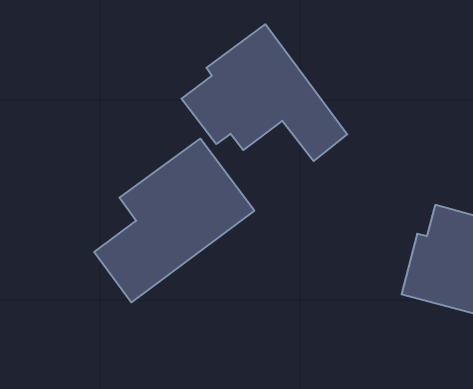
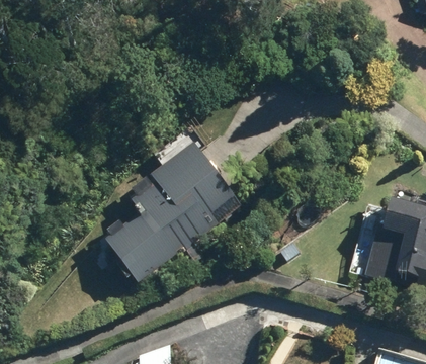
building: [181,24,347,161] -> none

